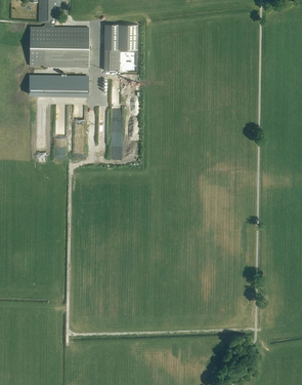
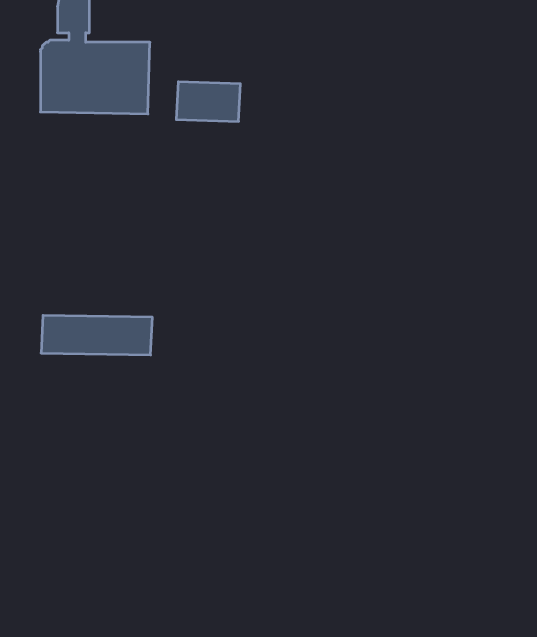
building: [103,25,137,50] -> none
building: [28,75,88,97] -> [41,315,152,355]

